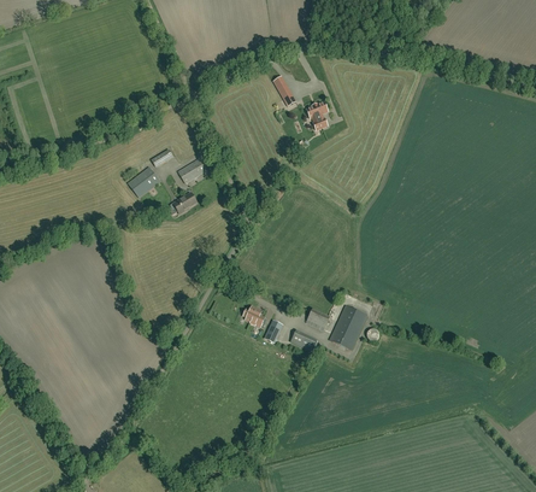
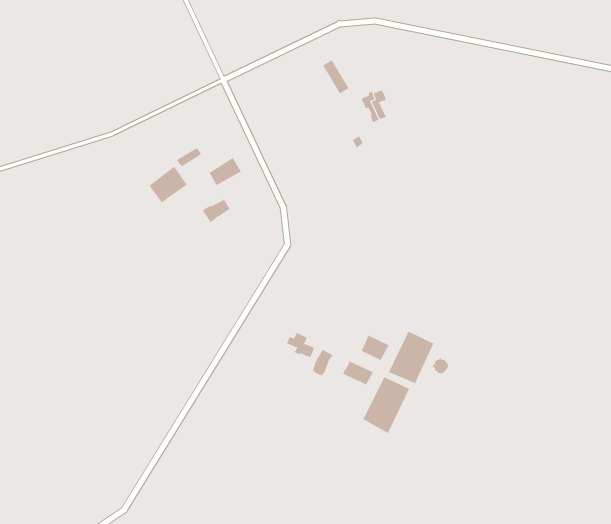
building: none -> [362,376,410,434]

